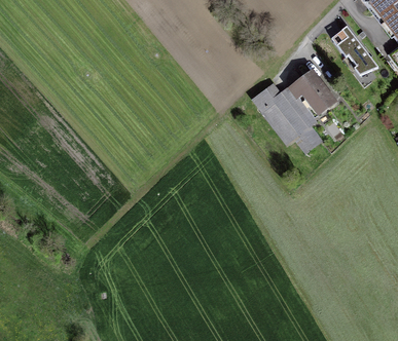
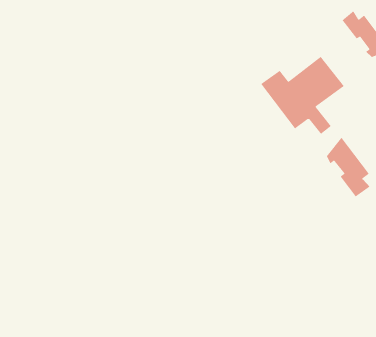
building: none -> [326,136,371,198]

